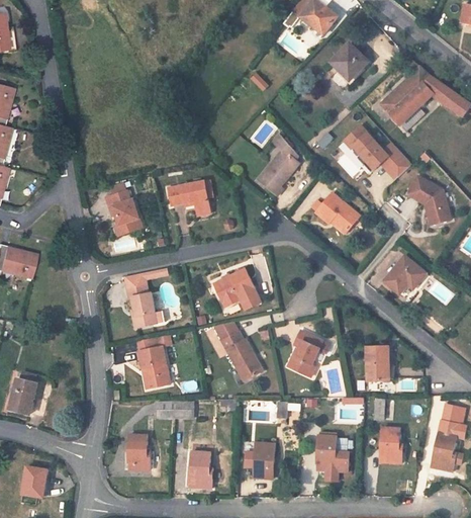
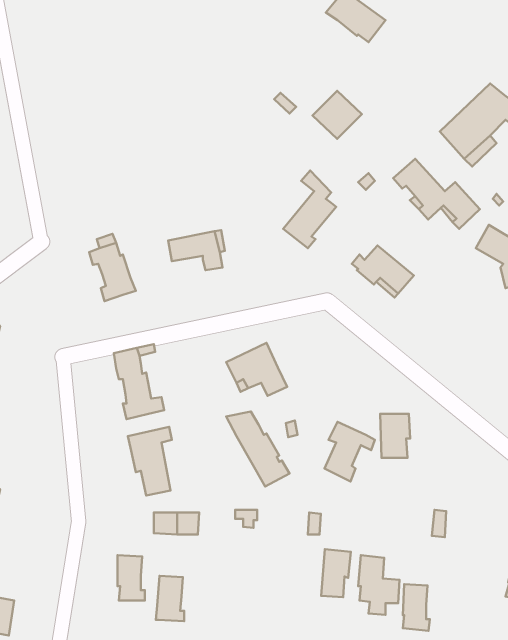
building: [331,42,369,80] -> [313,91,362,139]
building: [384,255,427,301] -> none
building: [366,346,389,380] -> [380,414,410,458]
building: [381,427,402,463] -> [403,584,430,631]
building: [253,441,276,479] -> [321,549,351,597]
building: [189,451,211,487] -> [156,576,184,621]

